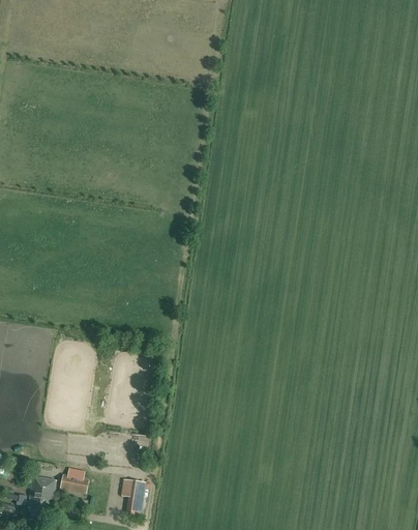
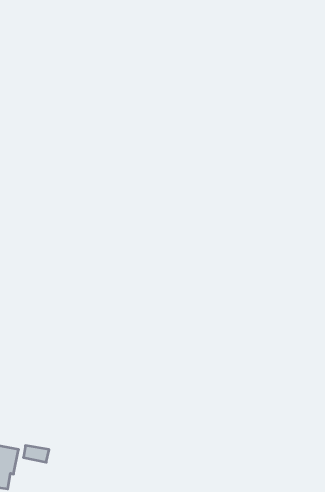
building: [121,478,145,513] -> none

